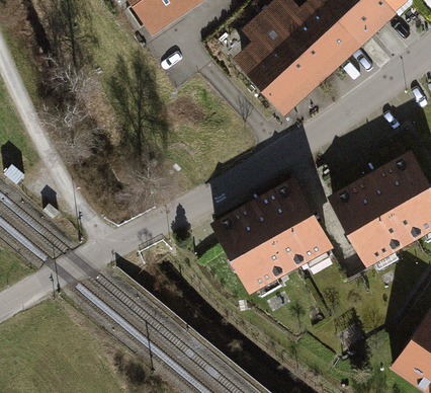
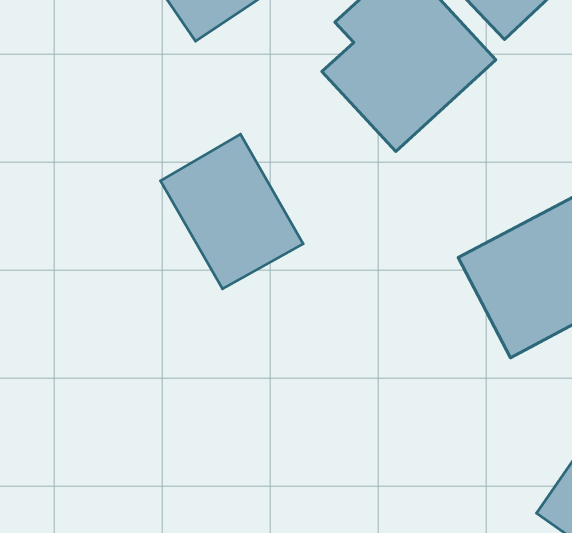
building: none -> [160,134,303,289]
building: [213,180,330,293] -> none

